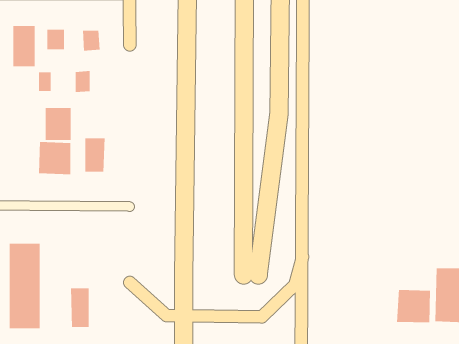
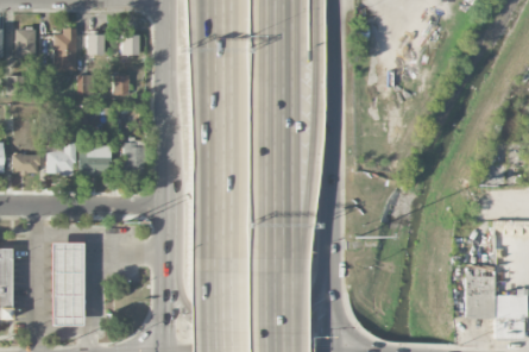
building: [45,108,72,141] -> [50,142,76,174]
building: [71,287,89,328] -> none
building: [397,289,431,323] -> none

